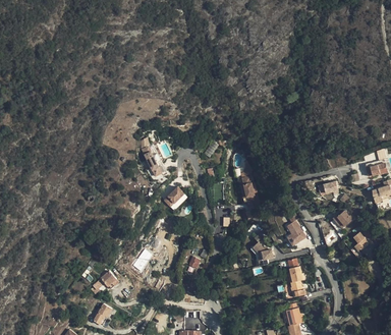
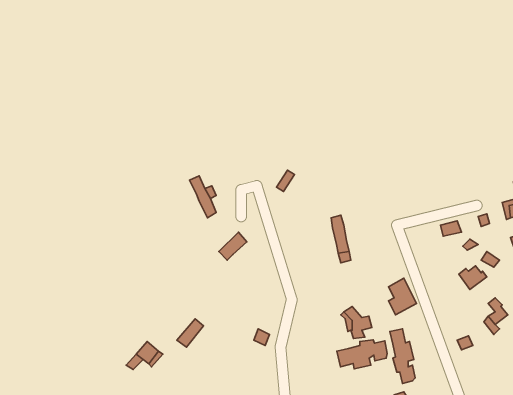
building: none -> [337,340,387,369]

